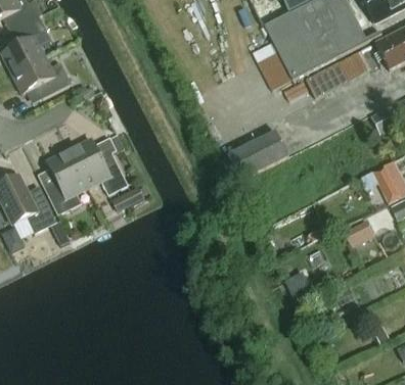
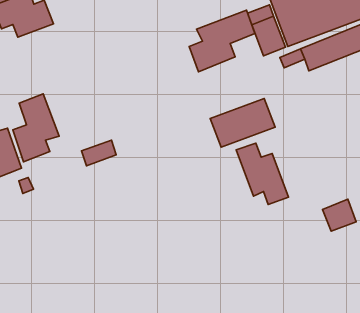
building: none -> [189,10,255,72]
building: [69,138,128,194] -> none
building: none -> [236,143,288,205]

